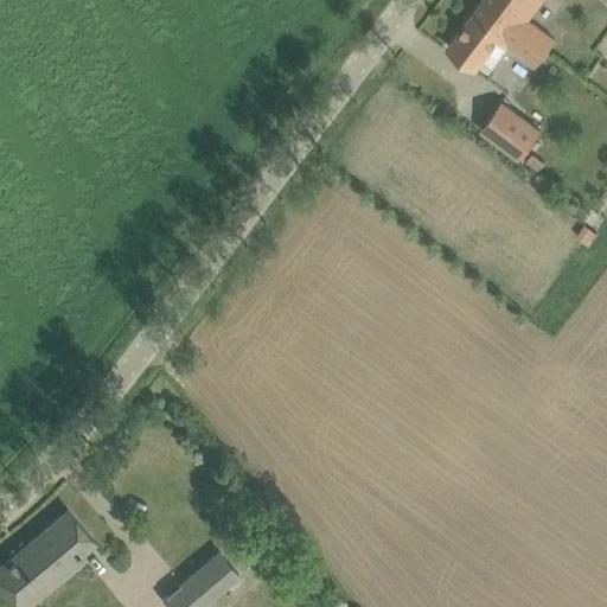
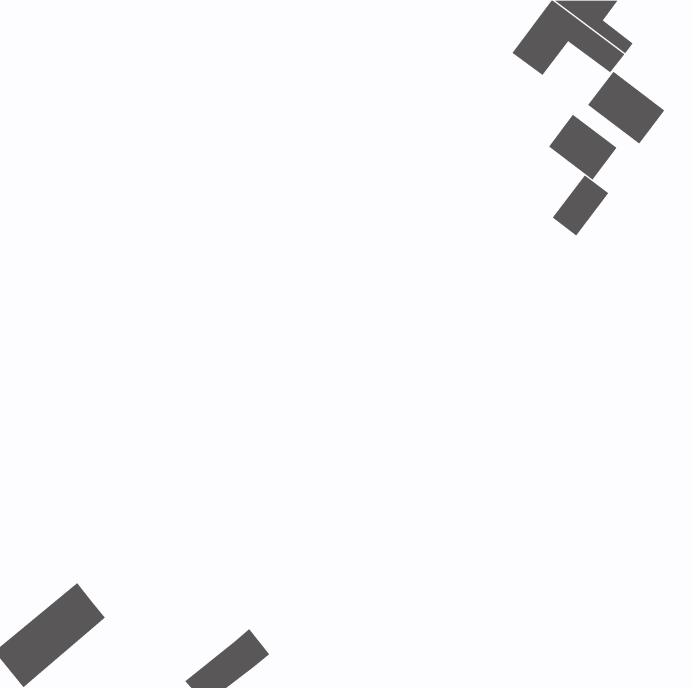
building: none -> [587,71,665,144]
building: none -> [552,174,609,236]

